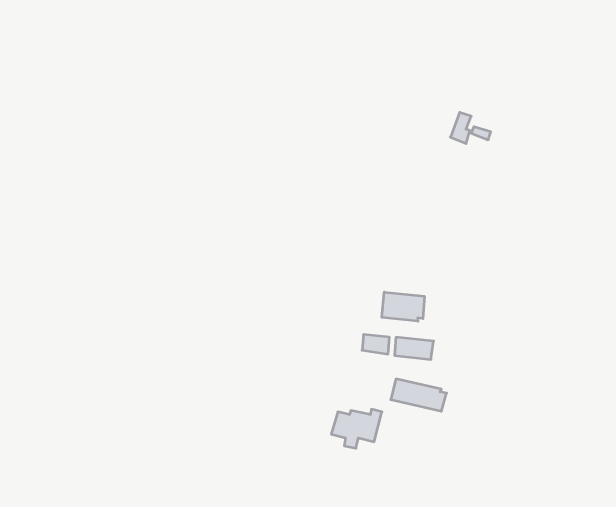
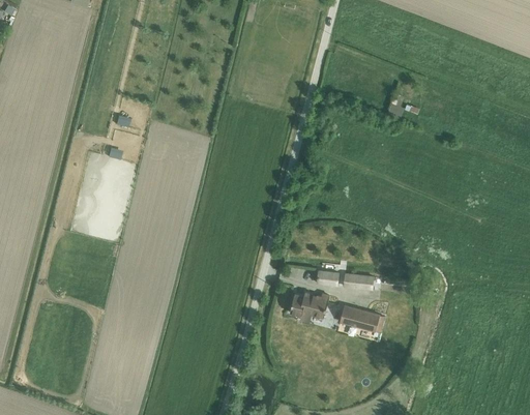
building: [382,292,424,321] -> none
building: [331,409,382,448] -> [288,292,328,323]

